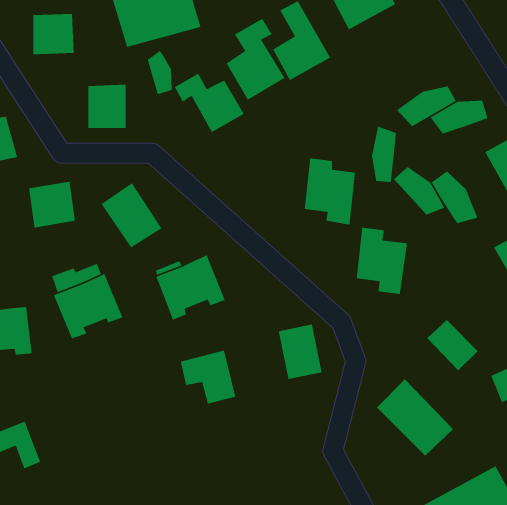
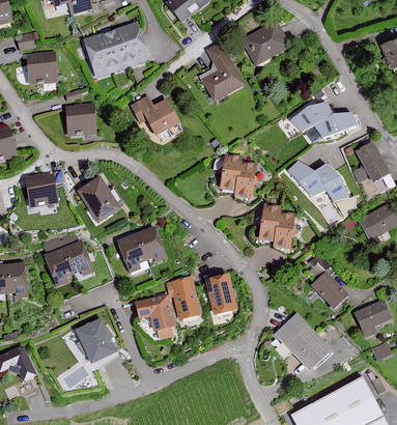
building: [226,18,285,101] -> none
building: [147,50,173,95] -> none
building: [371,125,397,183] -> none
building: none -> [165,277,200,319]
building: none -> [75,317,116,363]

